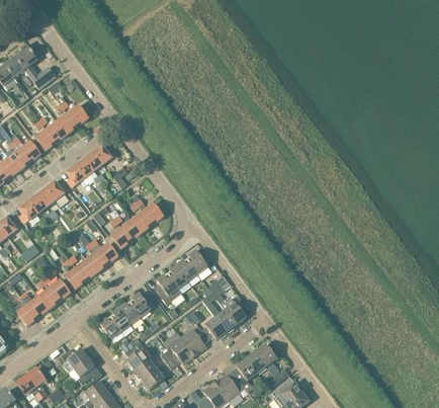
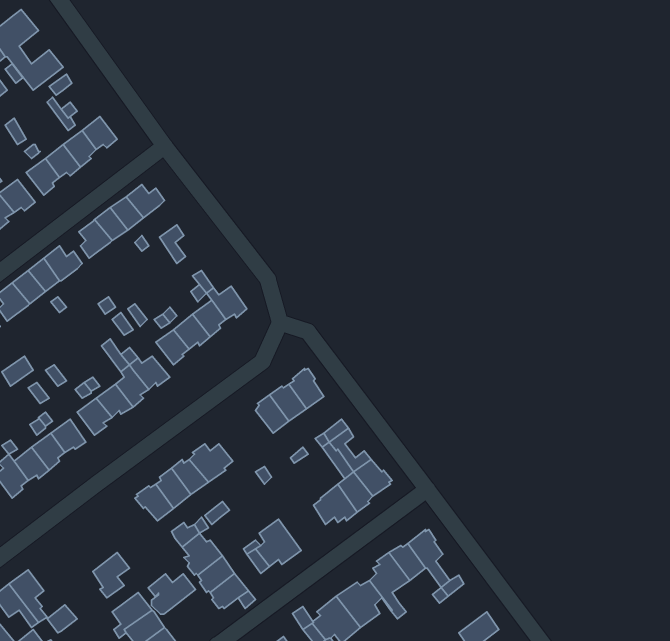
building: [154,274,178,304] -> none
building: [180,328,207,355] -> none
building: [60,347,87,371] -> [148,574,195,614]
building: [262,382,300,403] -> none

